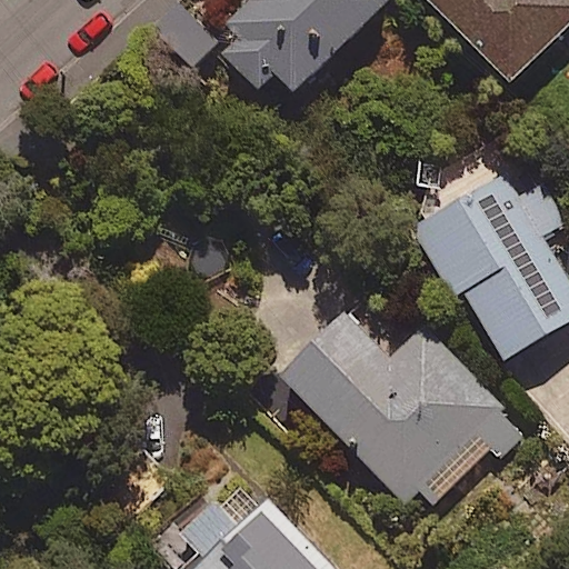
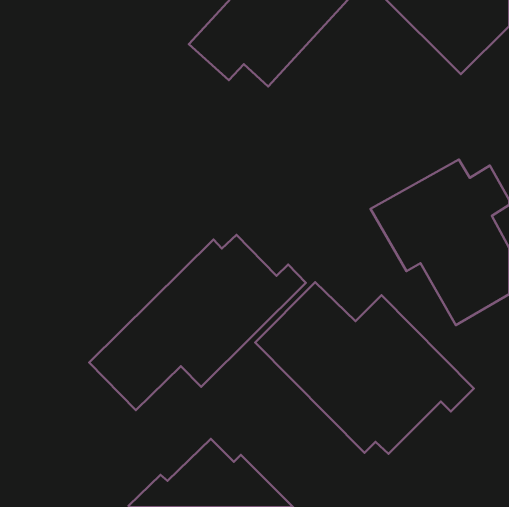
building: none -> [89,235,306,410]

